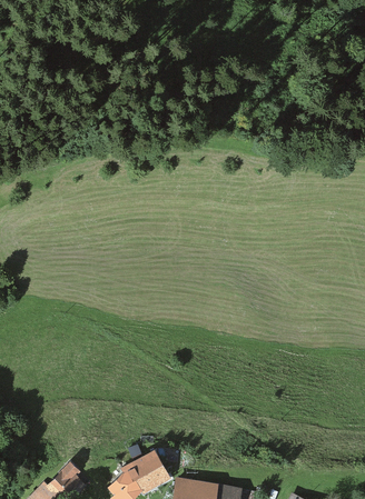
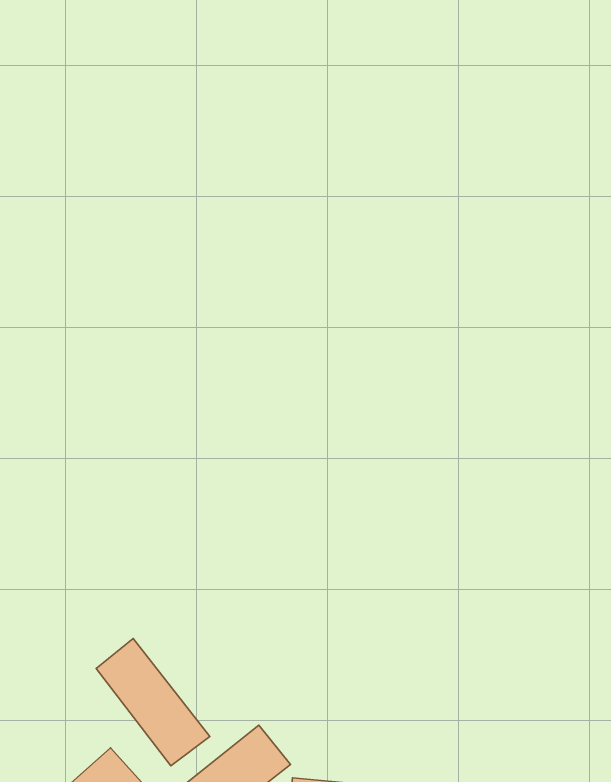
building: none -> [96,639,210,766]

